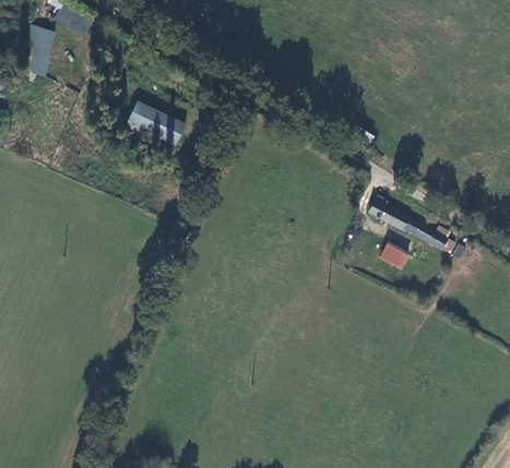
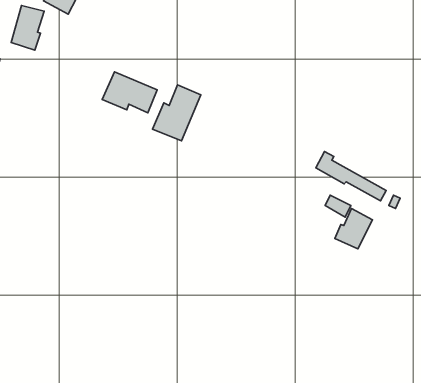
building: none -> [153,85,201,141]
building: none -> [335,209,372,249]

